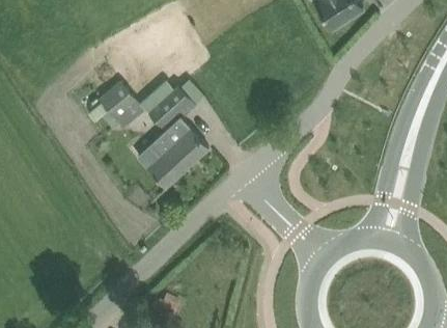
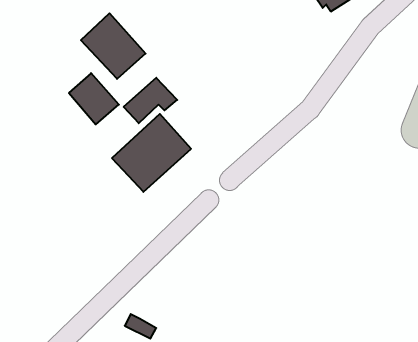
building: none -> [81,13,146,79]

